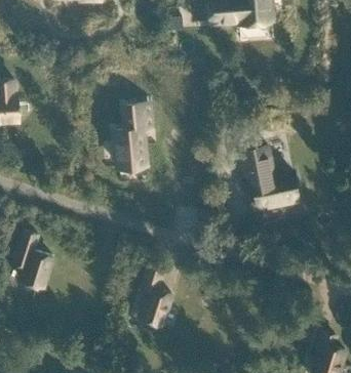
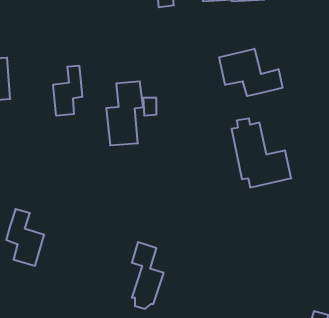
building: none -> [219,49,283,96]
building: none -> [53,66,82,116]

